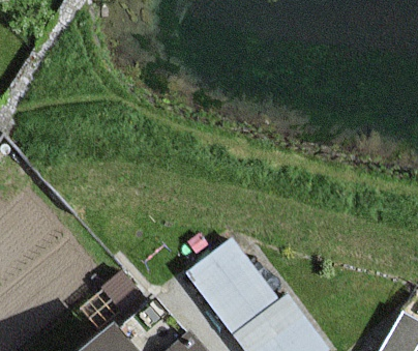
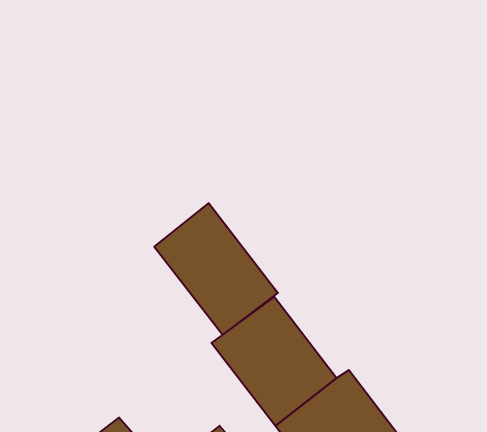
building: none -> [154,203,278,335]

